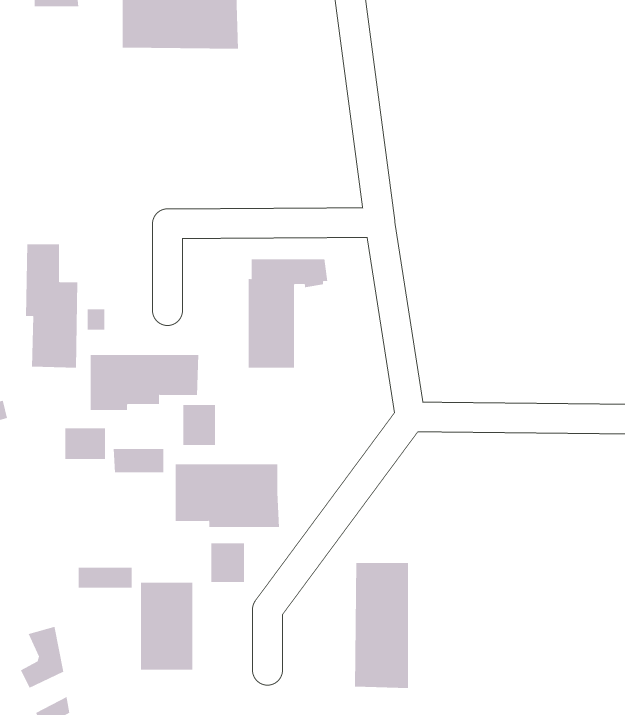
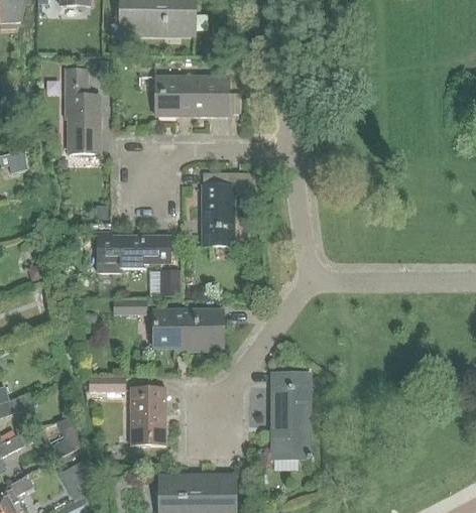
building: none -> [154,77,227,117]
building: [25,244,78,368] -> [64,70,99,152]
building: [65,428,106,460] -> none
building: [211,542,245,583] -> none

